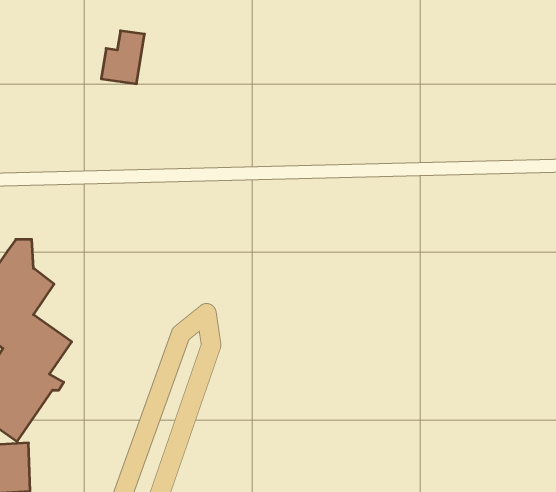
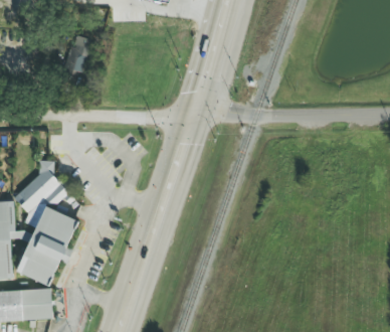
building: [101,31,145,84] -> [63,36,90,69]

